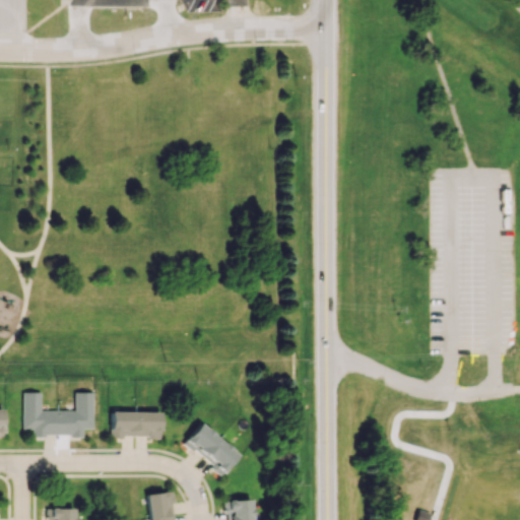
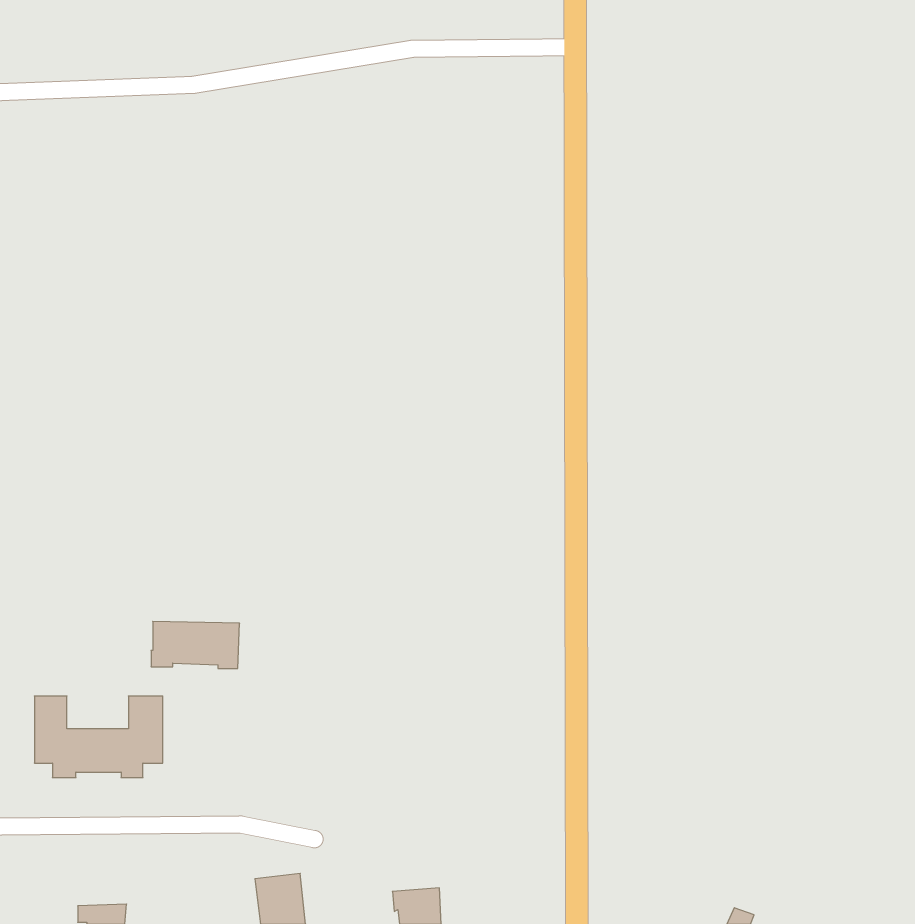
building: [113,411,162,438] -> [151,621,240,668]
building: [185,422,240,475] -> none

